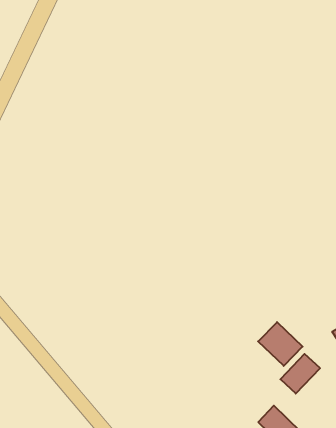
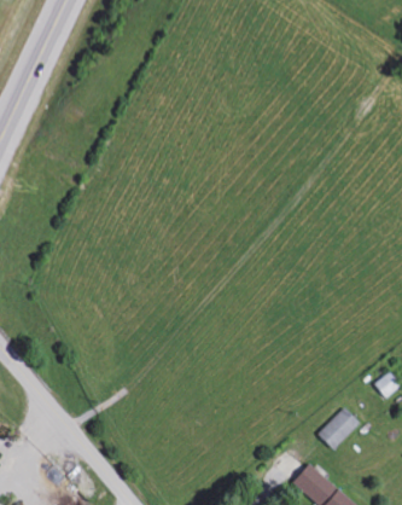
building: [258,322,303,366] -> none

